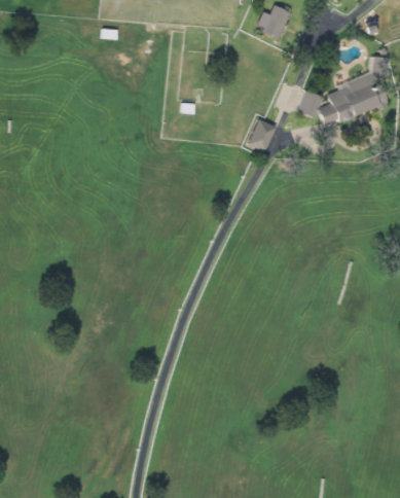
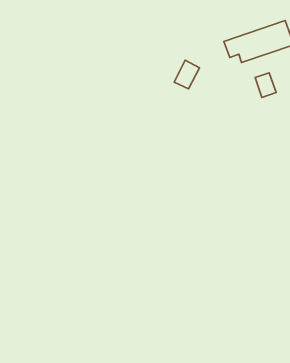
building: none -> [255,73,276,98]

